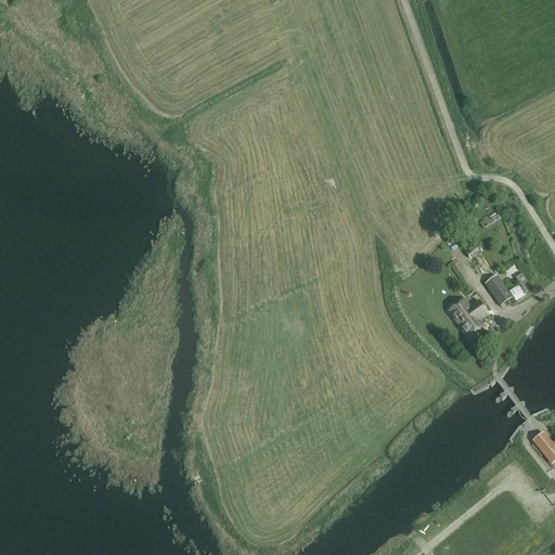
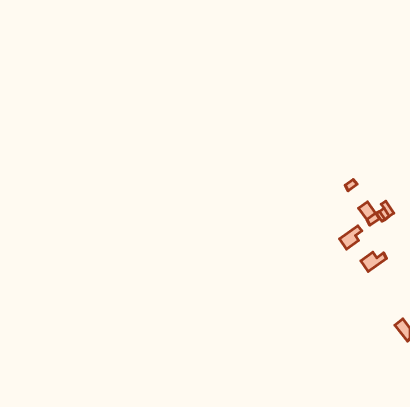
building: [449,297,483,323] -> [361,252,387,271]

